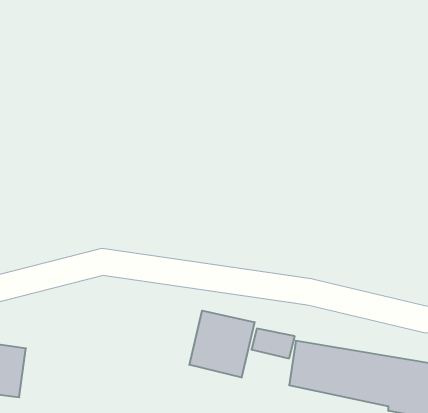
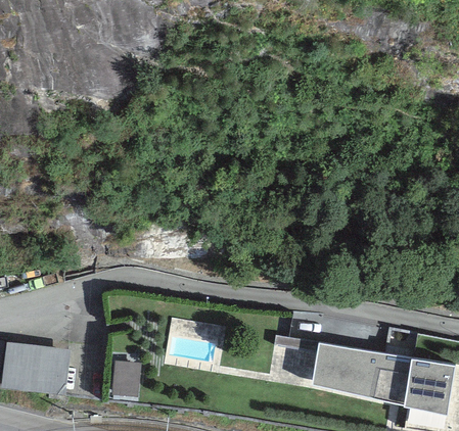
building: [189,311,255,378] -> none
building: none -> [110,360,140,397]

